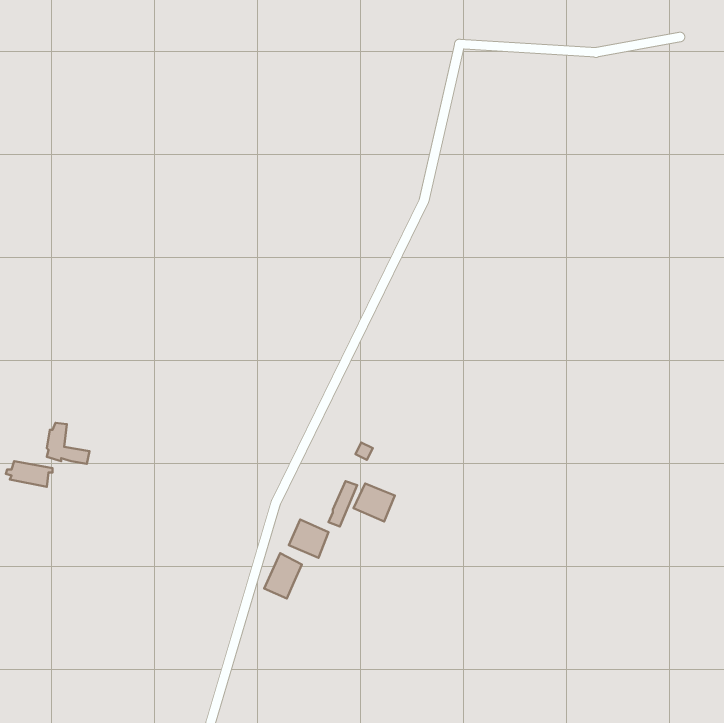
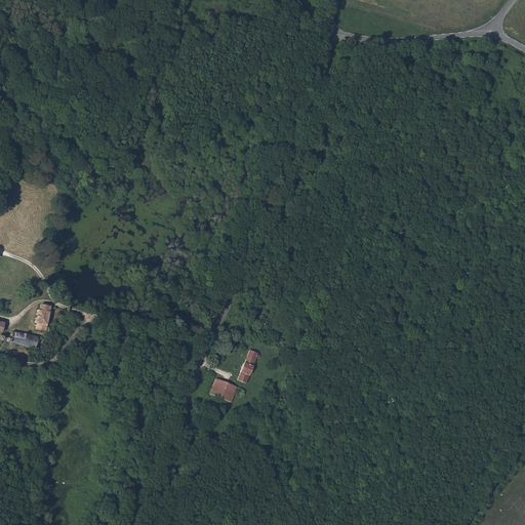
building: [353,483,395,521] -> none
building: [264,553,302,599] -> none

